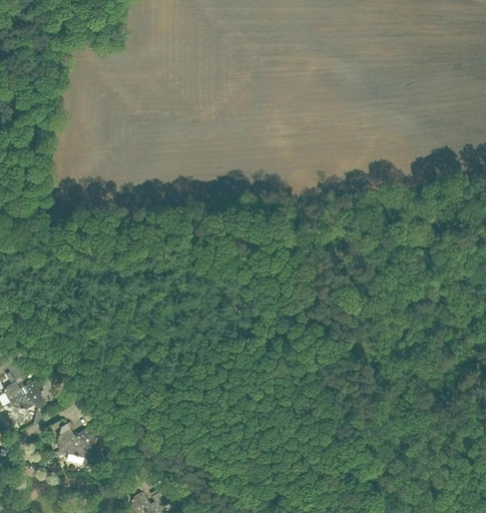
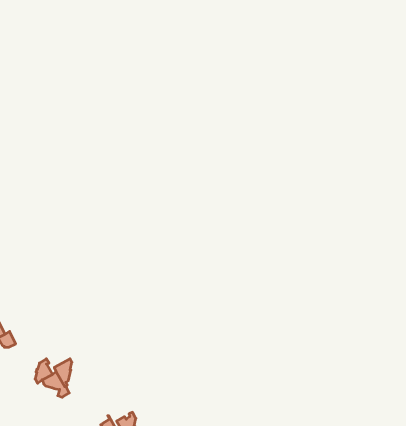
building: [24,377,45,409] -> none

